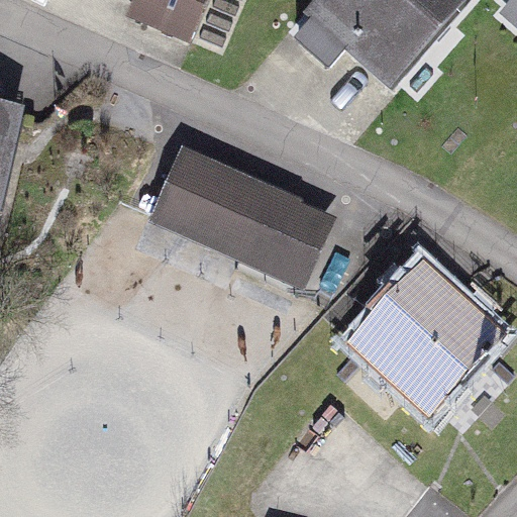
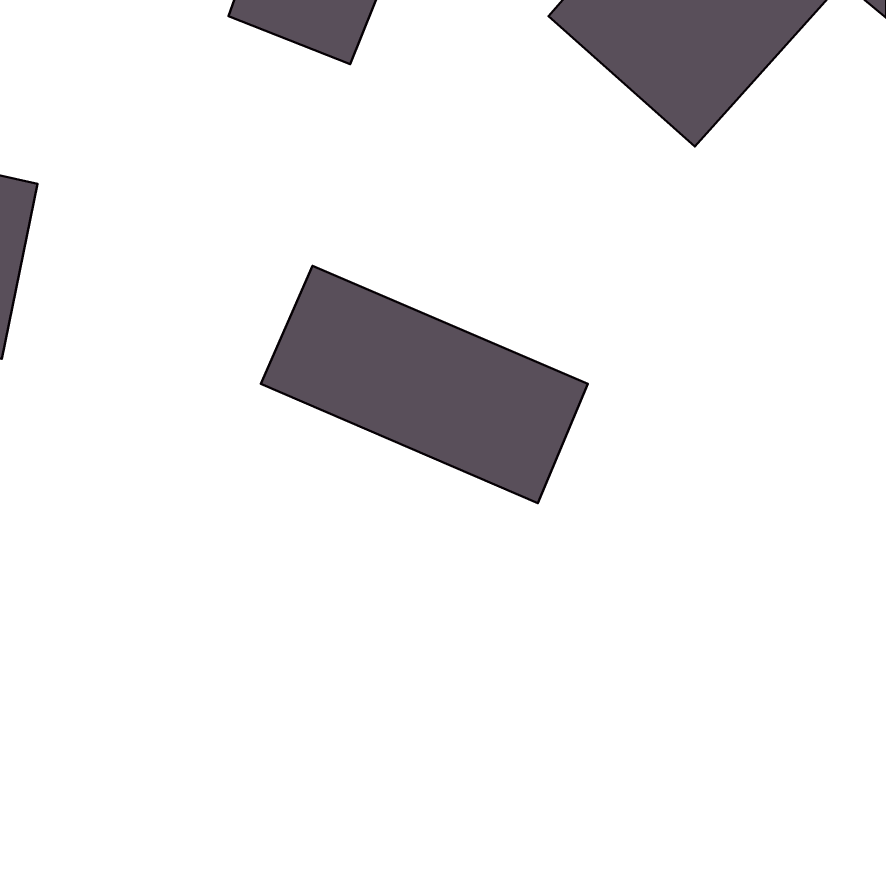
building: [344,264,496,414] -> none

